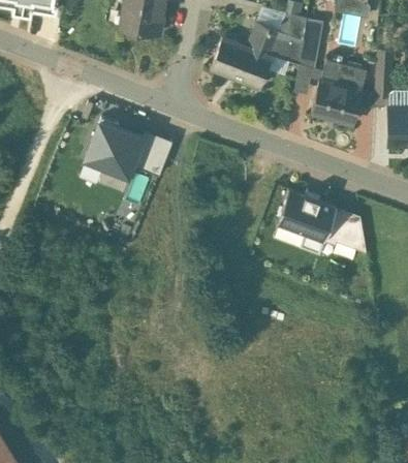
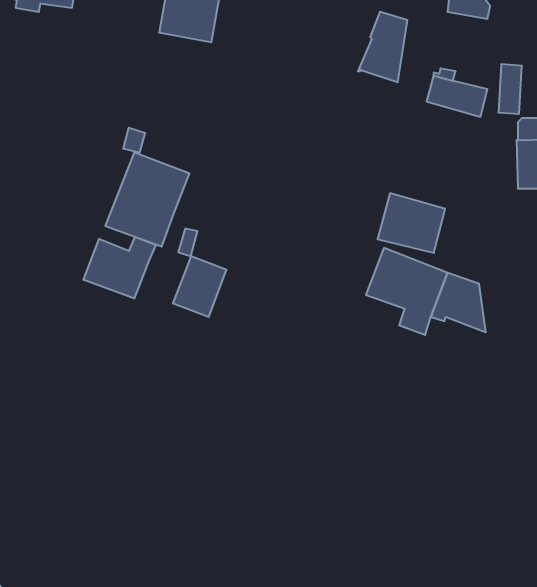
building: [299,19,322,70] -> none
building: [210,23,279,88] -> none
building: [310,80,360,124] -> [377,193,445,253]
building: [130,130,170,176] -> [173,256,227,317]
building: none -> [84,237,156,298]

